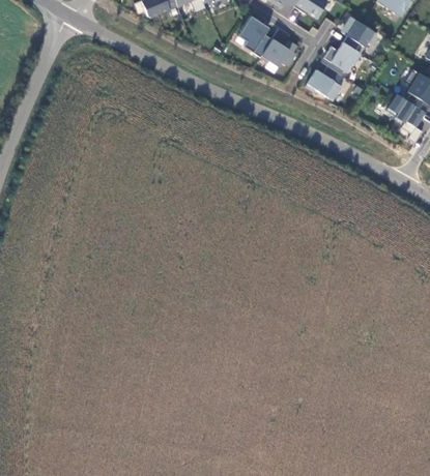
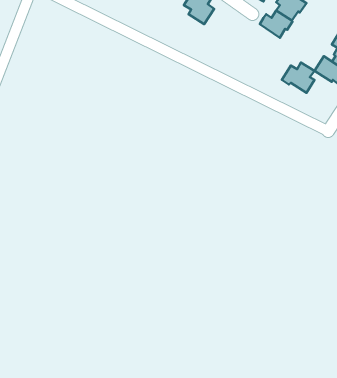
building: [261,38,297,66] -> none
building: [306,66,343,100] -> [282,63,315,93]

